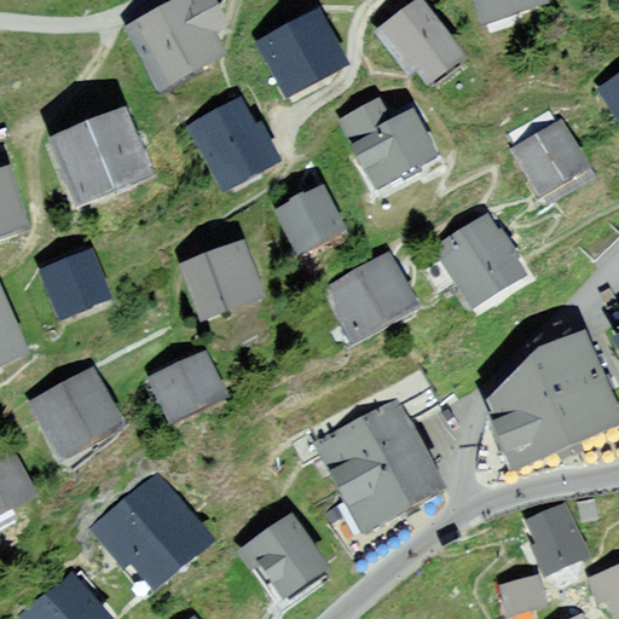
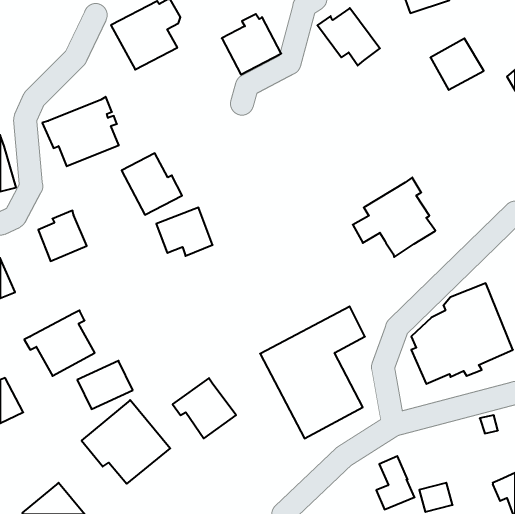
building: [347,102,429,183] -> none
building: [197,108,270,181] -> [122,153,182,215]
building: [517,128,582,190] -> [430,38,484,90]
building: [283,184,336,248] -> none
building: [331,262,409,335] -> none
building: [154,358,220,416] -> [77,361,133,409]
building: [538,507,584,571] -> [376,456,415,509]
building: [245,521,322,594] -> [173,378,236,438]

